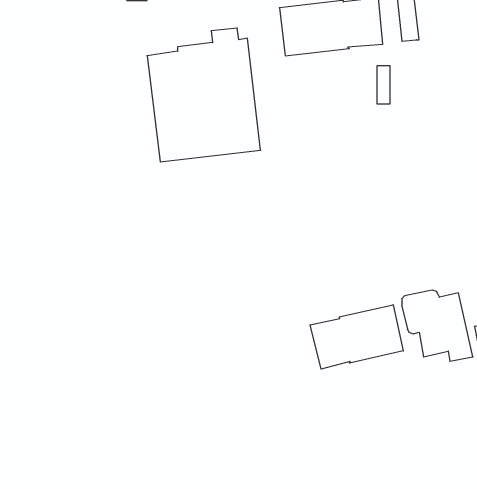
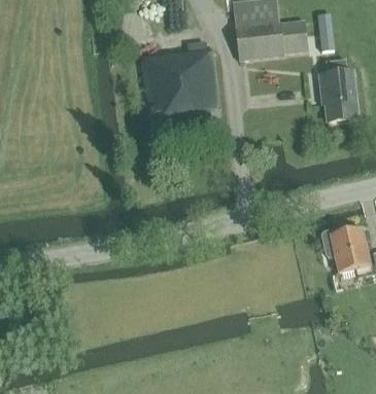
building: none -> [318,58,358,121]
building: [310,305,403,369] -> none

